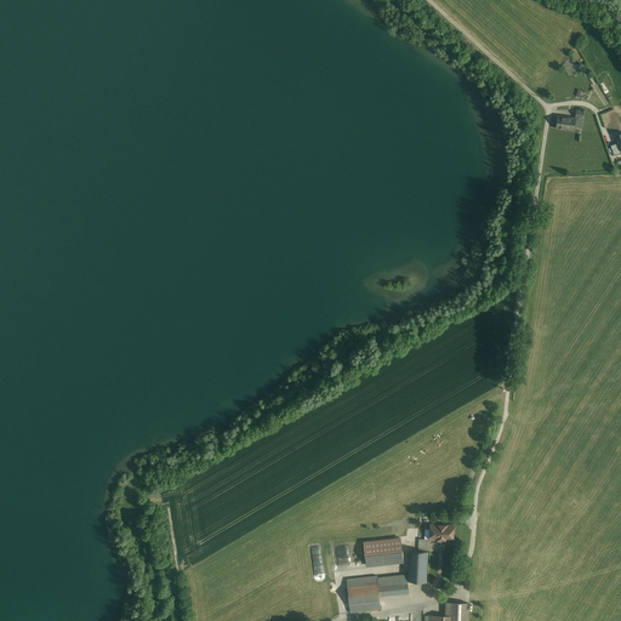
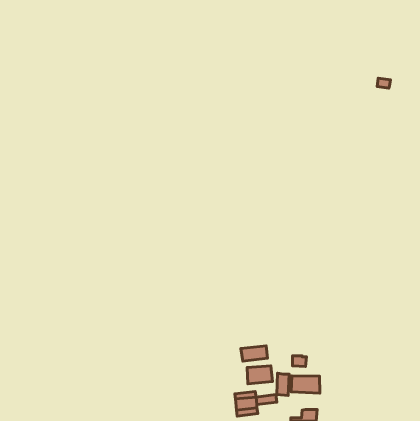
building: none -> [241,346,267,361]
building: none -> [291,376,320,393]

